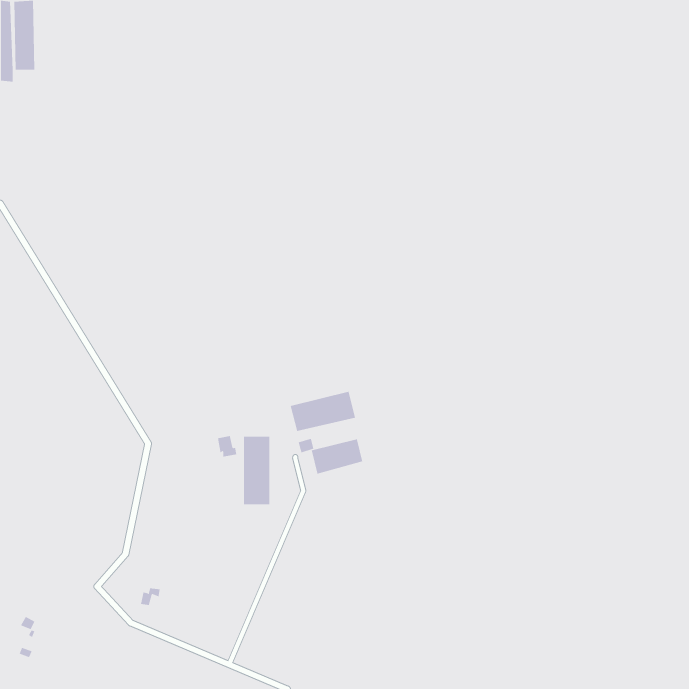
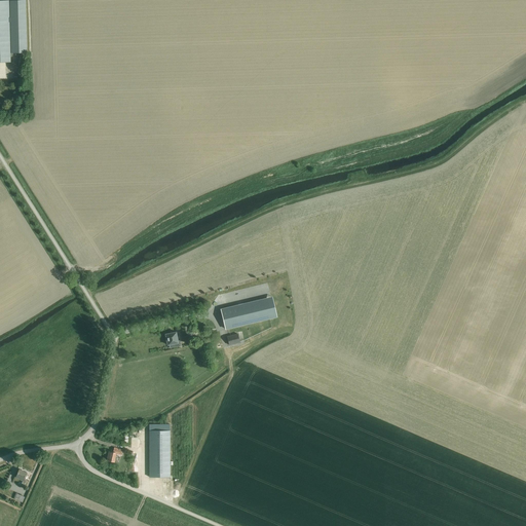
building: [243,436,270,505] -> [149,424,170,477]
building: [311,438,363,474] -> none

